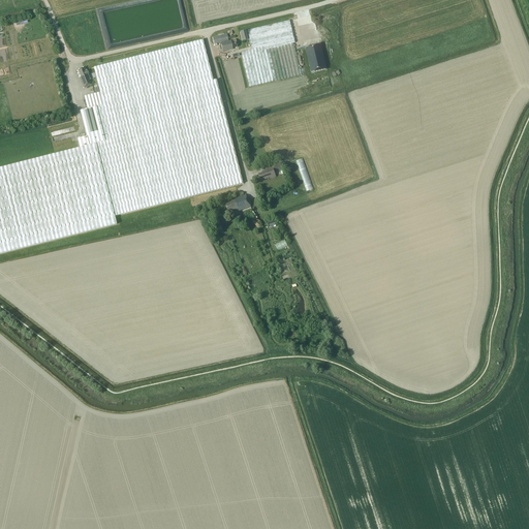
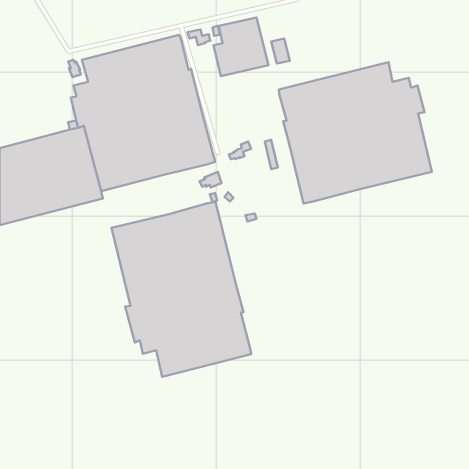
building: none -> [279,62,432,203]
building: none -> [111,202,251,377]

